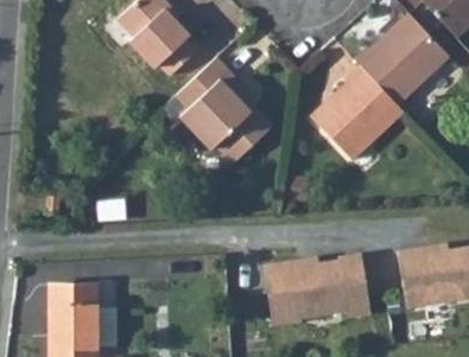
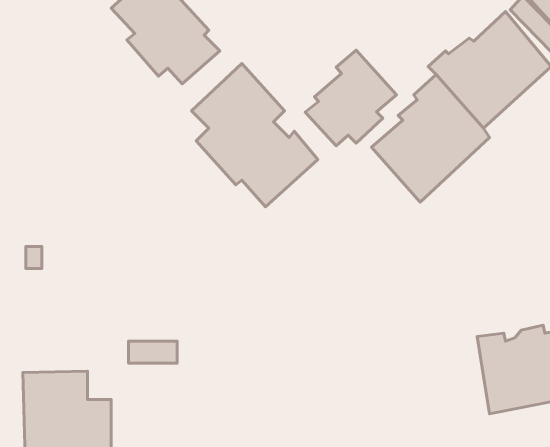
building: none -> [305,50,396,146]
building: [256,260,365,333] -> none

